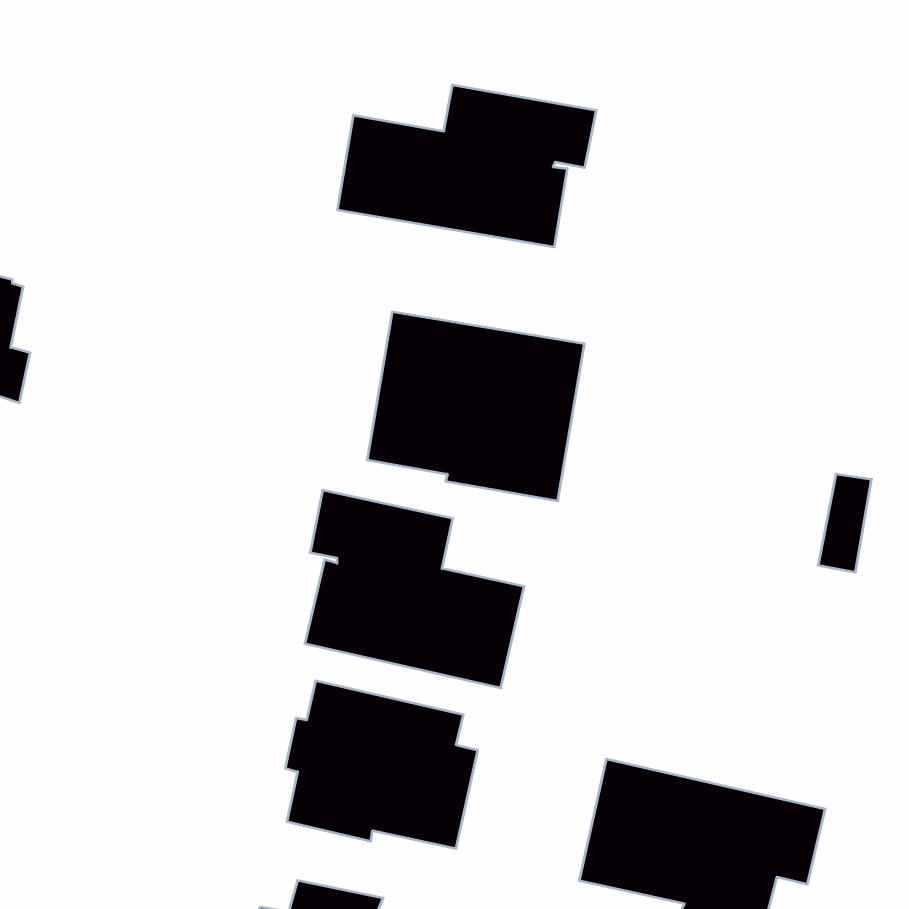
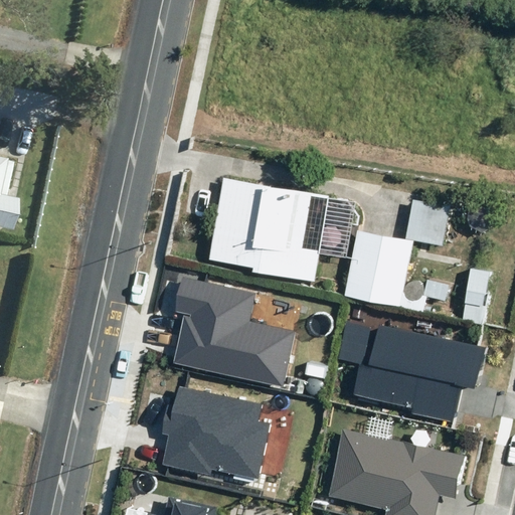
building: [338,85,596,247] -> none
building: none -> [345,199,449,305]
building: none -> [339,325,487,423]

